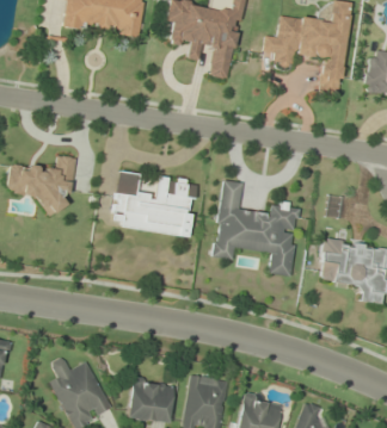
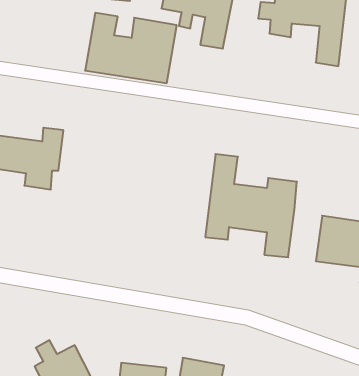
building: [110,170,197,237] -> [85,13,177,83]

